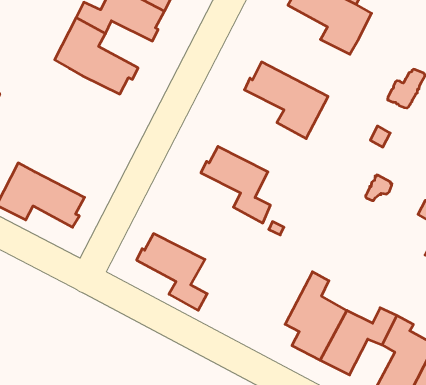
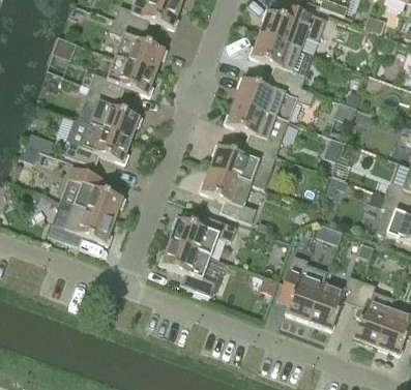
building: none -> [235,77,314,120]
building: none -> [65,124,130,162]
building: none -> [210,144,276,188]
building: none -> [60,166,125,220]
building: none -> [170,216,236,256]

